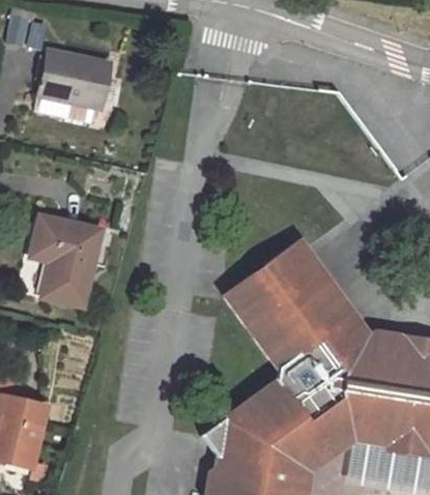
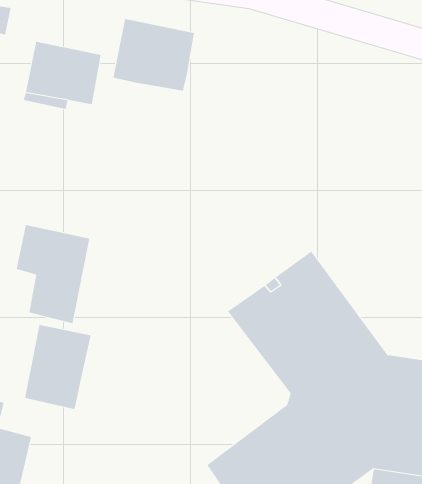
building: none -> [113,18,195,92]
building: none -> [24,324,91,410]

